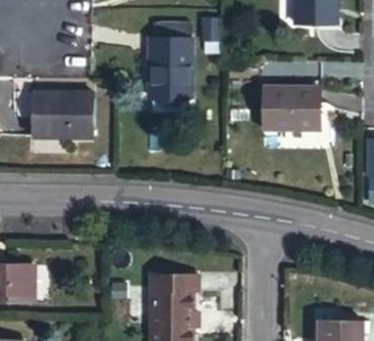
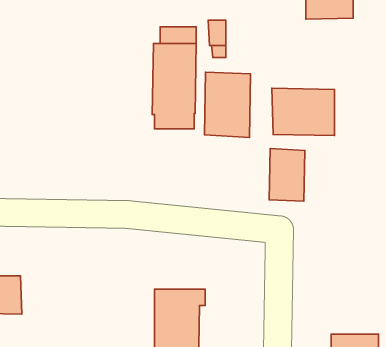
building: none -> [204,72,251,138]
building: [34,96,94,142] -> none
building: none -> [269,148,305,201]

